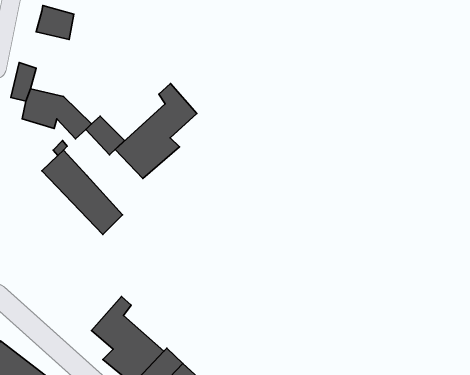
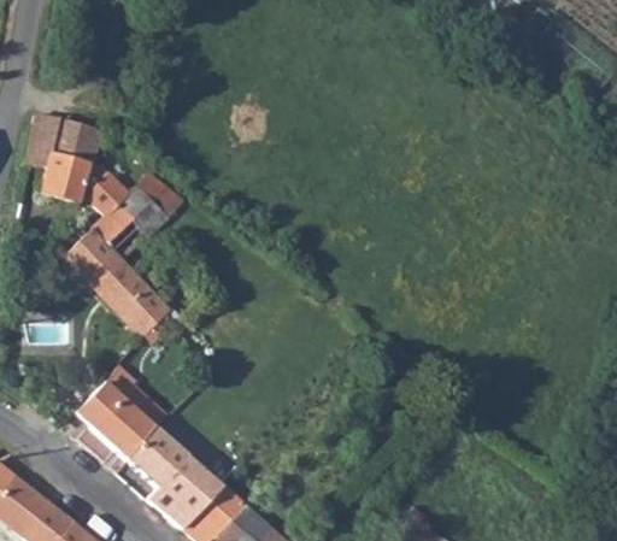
building: [36,6,74,39] -> [52,118,100,161]
building: [115,83,197,178] -> none
building: none -> [75,382,169,461]

